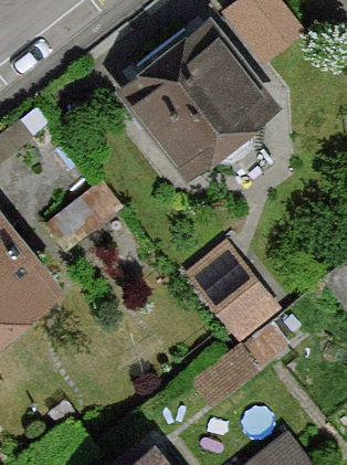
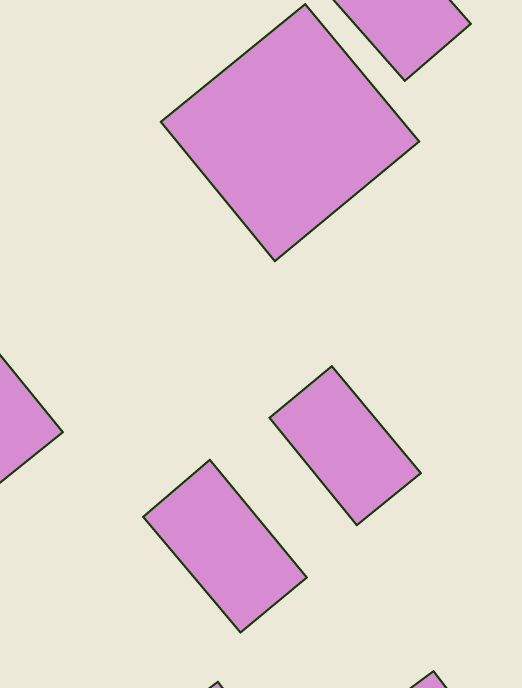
building: none -> [143,460,307,633]

